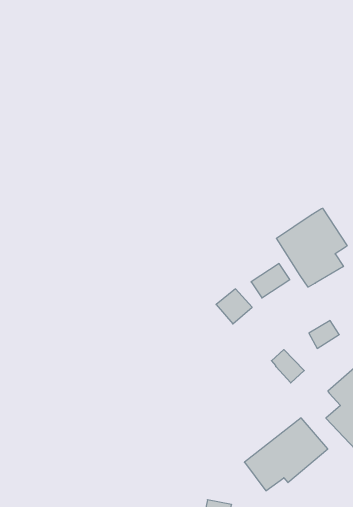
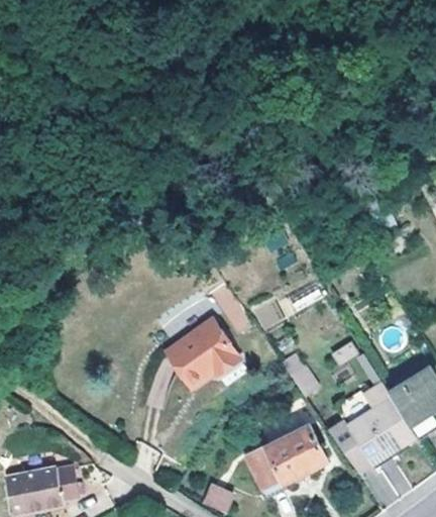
building: [276,208,347,287] -> none
building: none -> [167,316,239,383]

